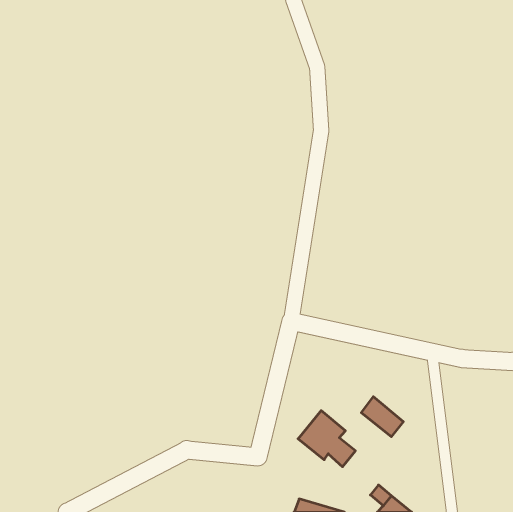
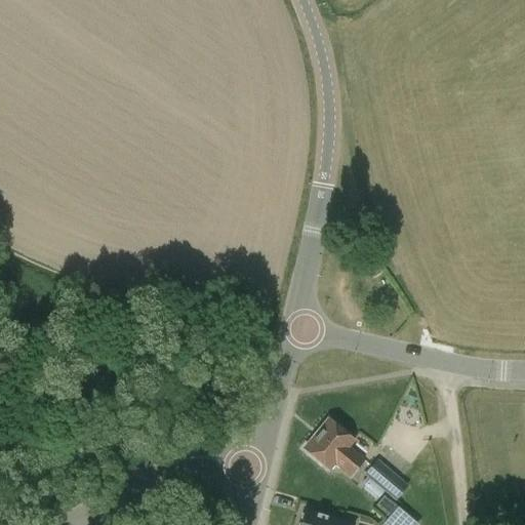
building: [361,397,403,437] -> [366,459,409,500]

